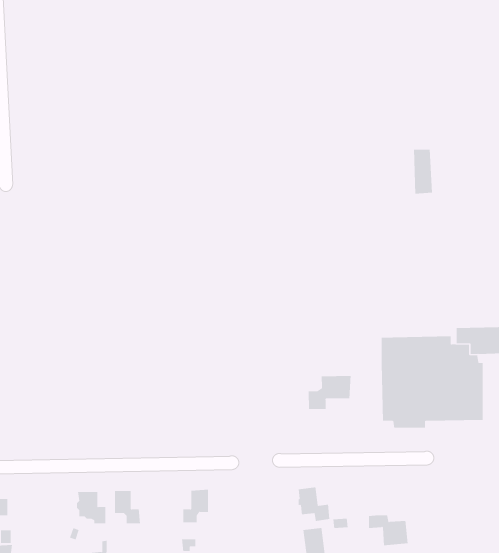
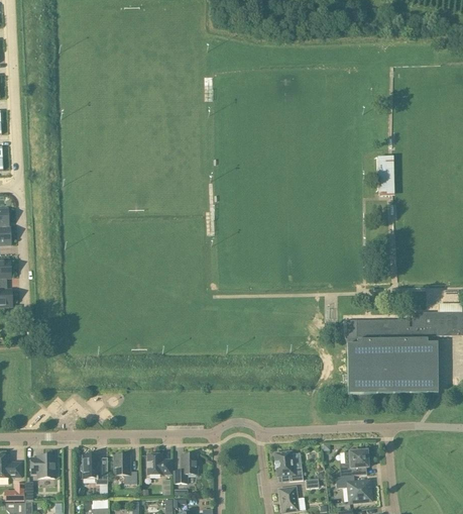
building: [308,375,351,410] -> none
building: none -> [344,446,368,475]
building: none -> [147,453,171,474]
building: none -> [30,454,54,477]

